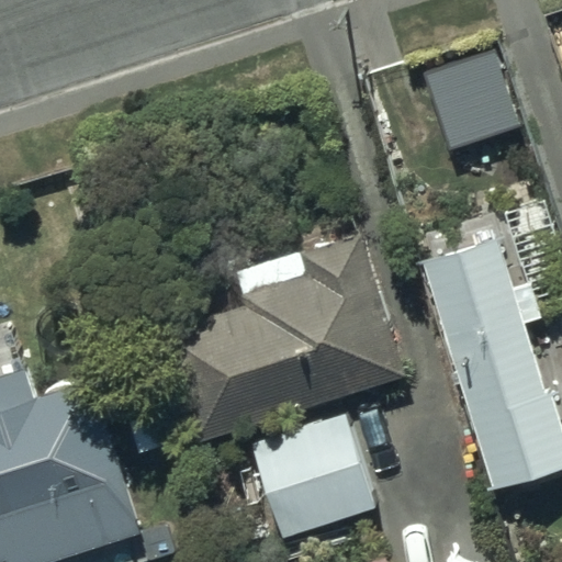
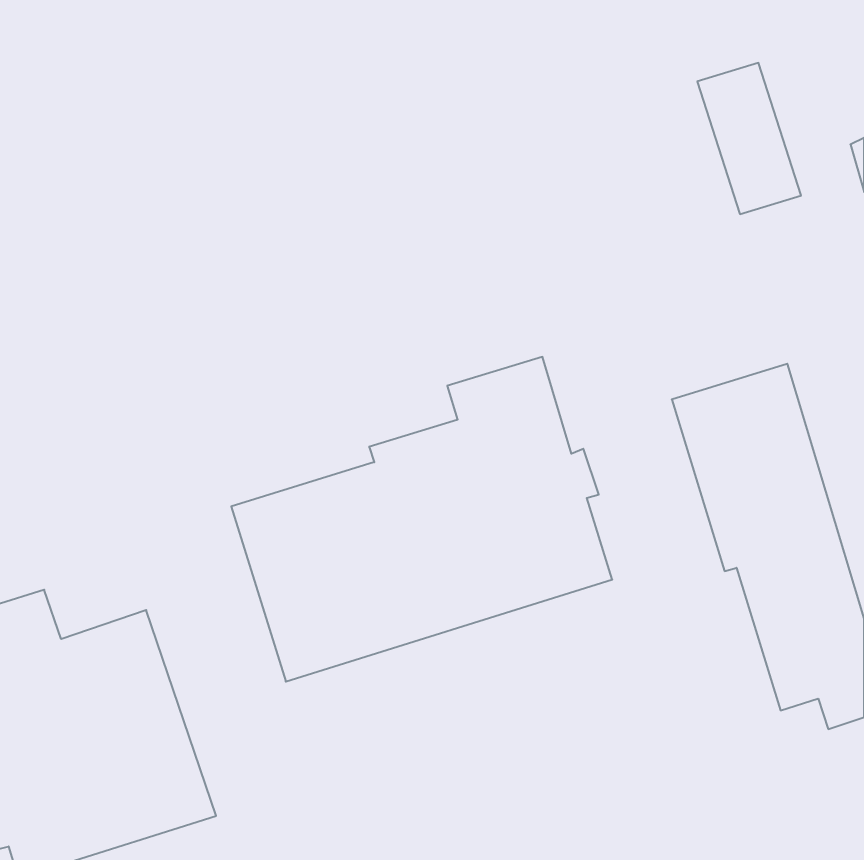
building: [240,413,374,540] -> none

